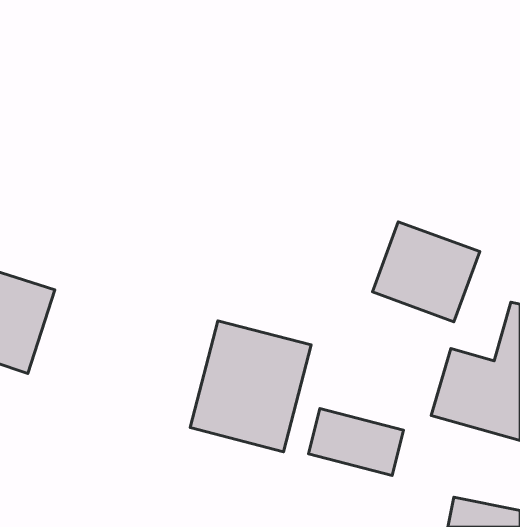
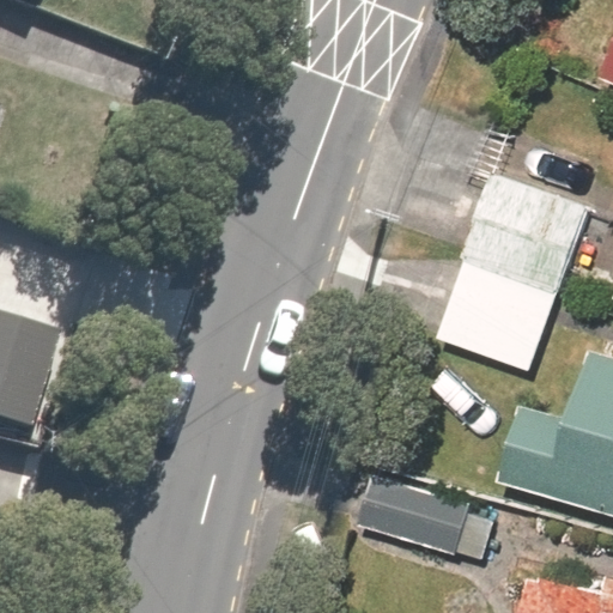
building: none -> [462,176,588,292]
building: [190,321,311,452] -> none

